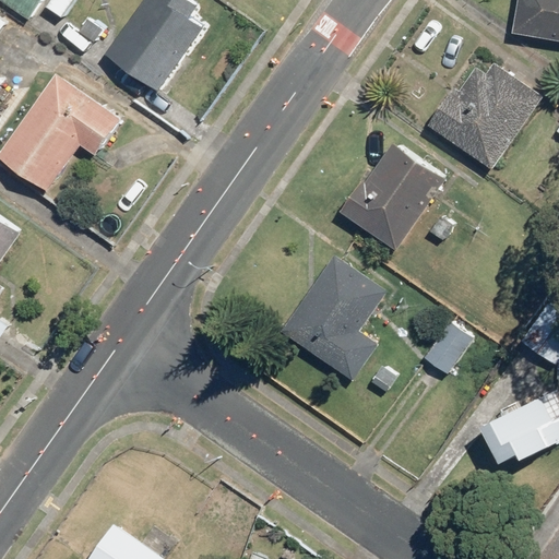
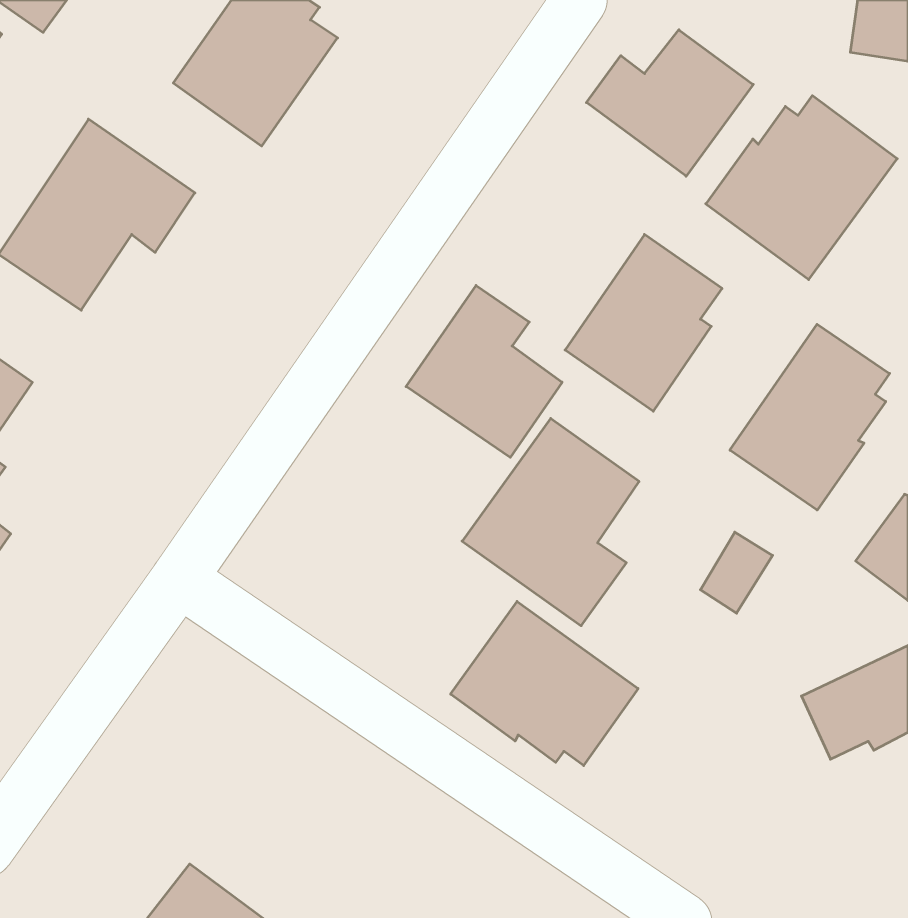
building: none -> [586,30,753,176]
building: none -> [406,285,562,457]
building: none -> [730,324,890,510]
building: none -> [451,601,638,766]

